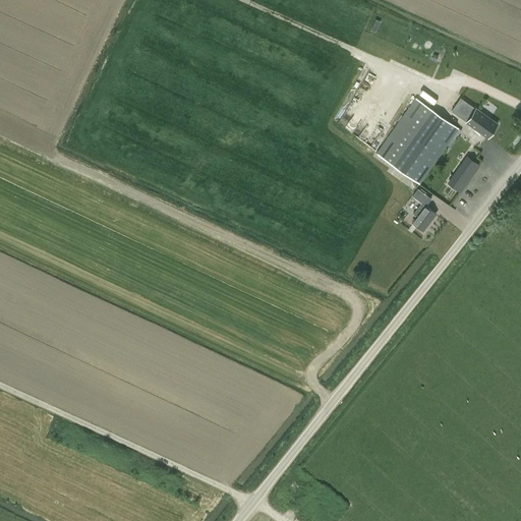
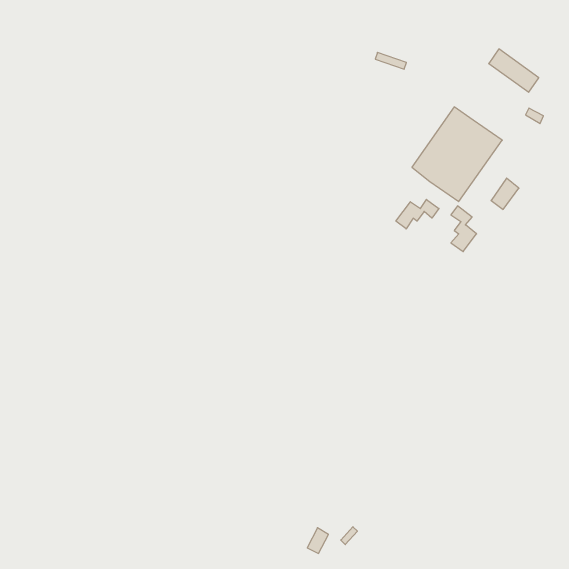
building: [451,98,497,137] -> [489,49,539,92]
building: none -> [396,199,439,229]

